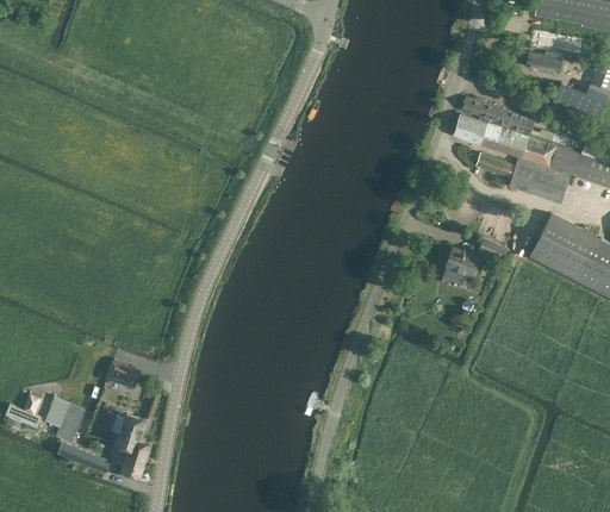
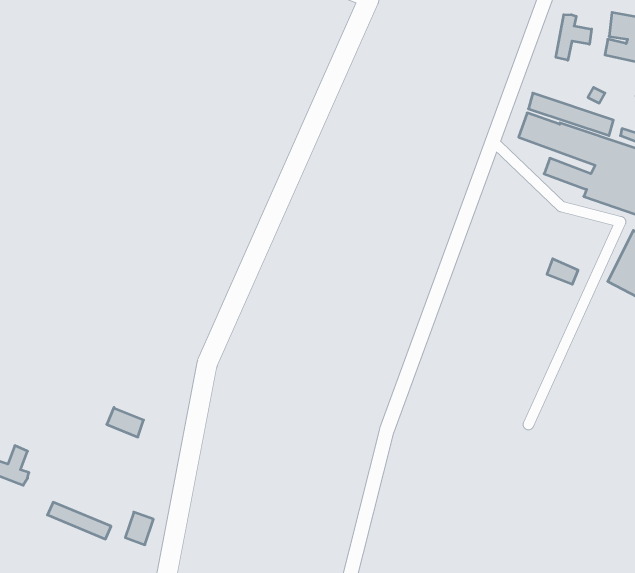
building: none -> [556,15,592,60]
building: [446,249,480,276] -> none
building: [46,397,85,442] -> none
building: [112,414,150,455] -> none

